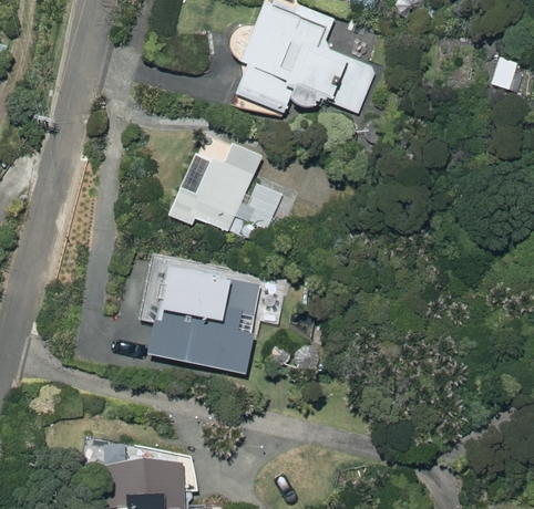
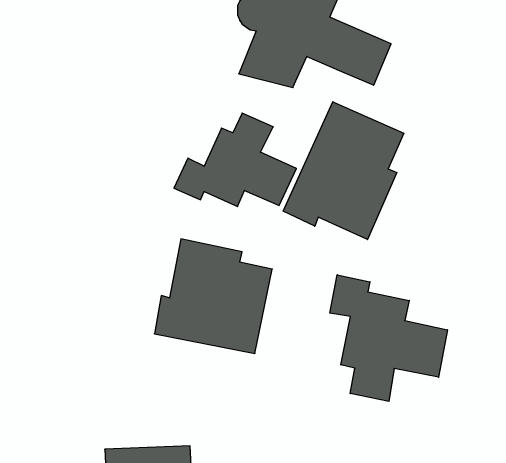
building: none -> [283,102,404,240]
building: none -> [330,275,447,401]

